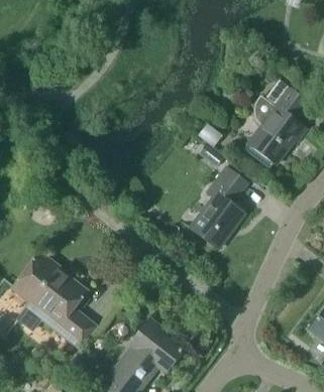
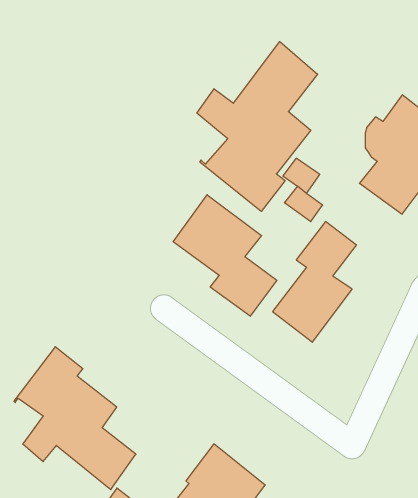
building: none -> [197,42,318,211]
building: none -> [173,195,277,316]

